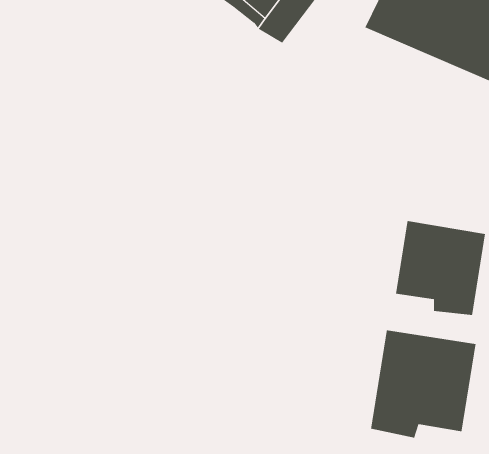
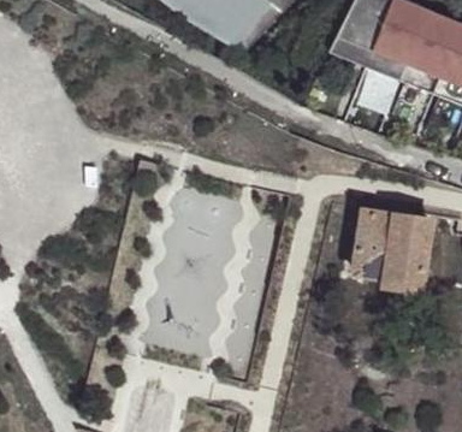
building: [370,330,476,439] -> none

